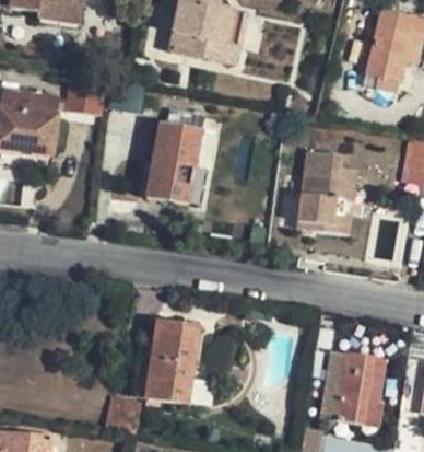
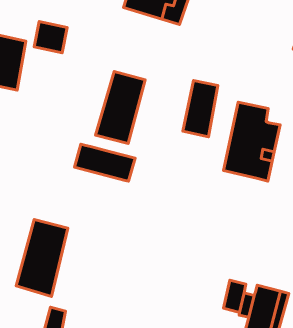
building: none -> [183,80,218,137]
building: none -> [74,144,135,181]
building: [145,318,199,405] -> [16,219,68,296]

